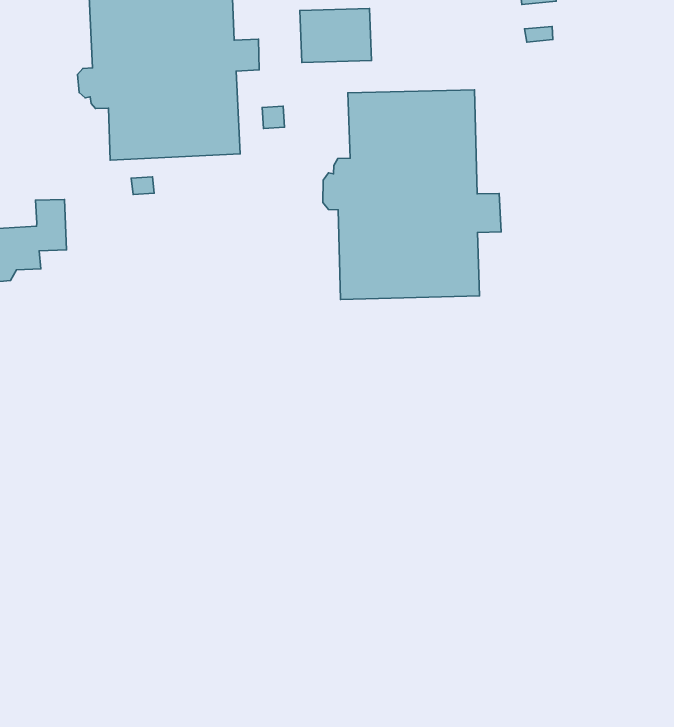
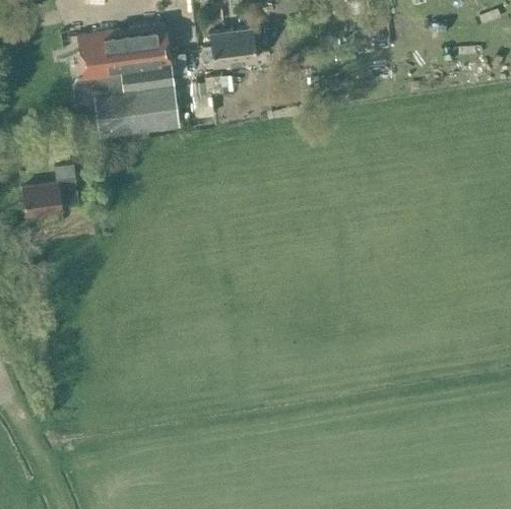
building: [323,90,501,299] -> none

